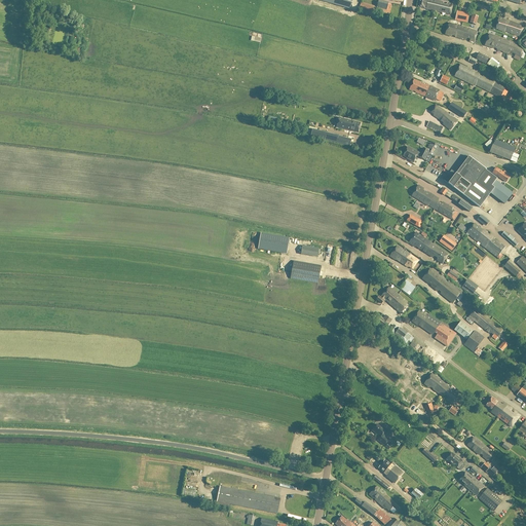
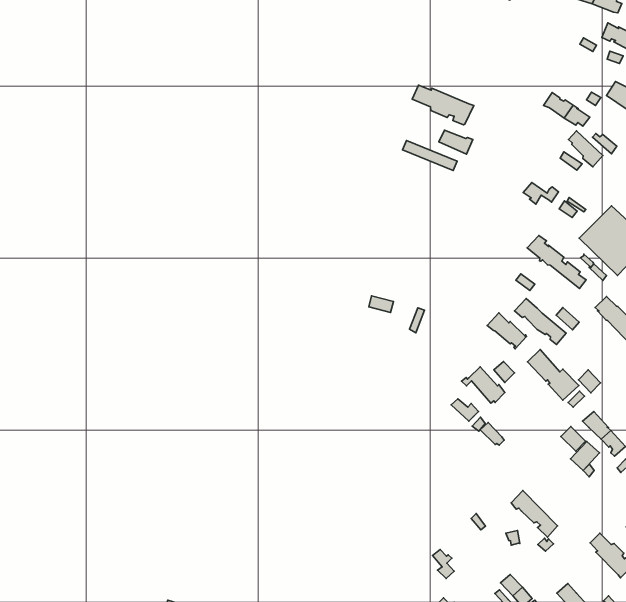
building: none -> [412,85,474,125]
building: [257,232,288,252] -> none
building: [290,260,320,281] -> none
building: [411,309,455,346] -> none

